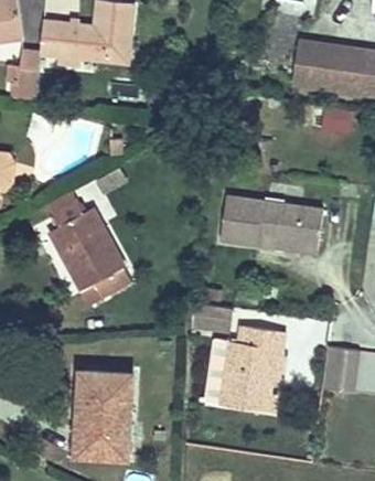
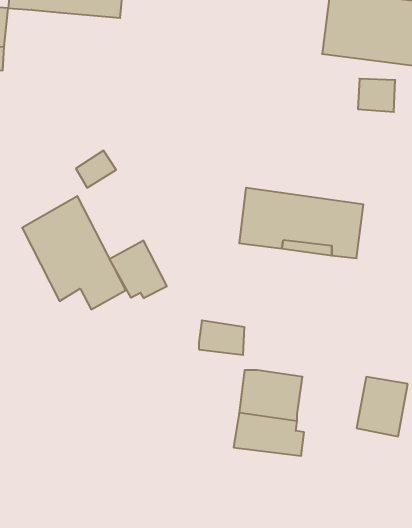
building: none -> [110,240,167,298]
building: [238,324,283,378] -> none
building: [74,365,131,462] -> none

